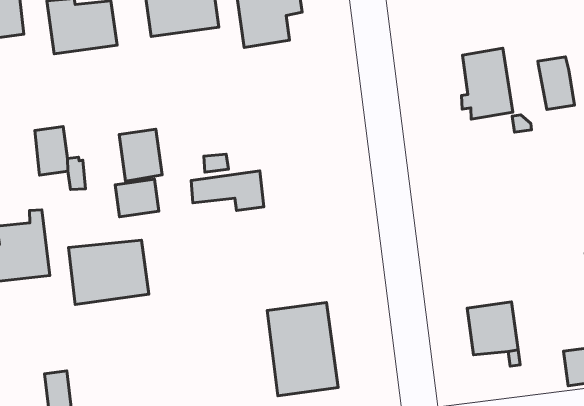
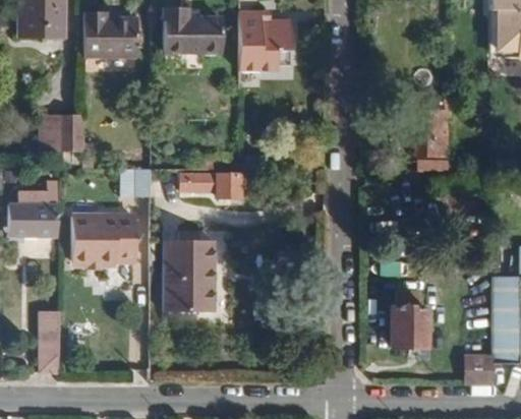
building: [538,57,575,110] -> none
building: [119,129,162,181] -> none
building: [267,302,338,396] -> [163,242,213,312]

